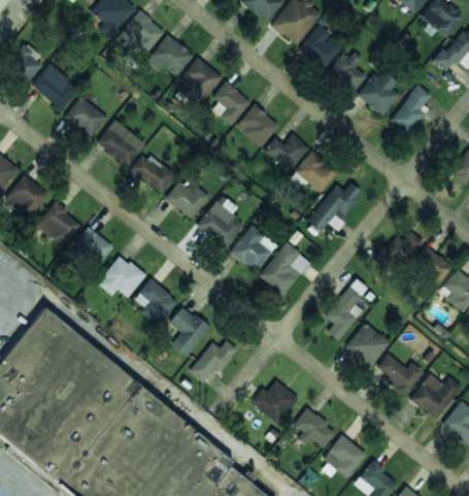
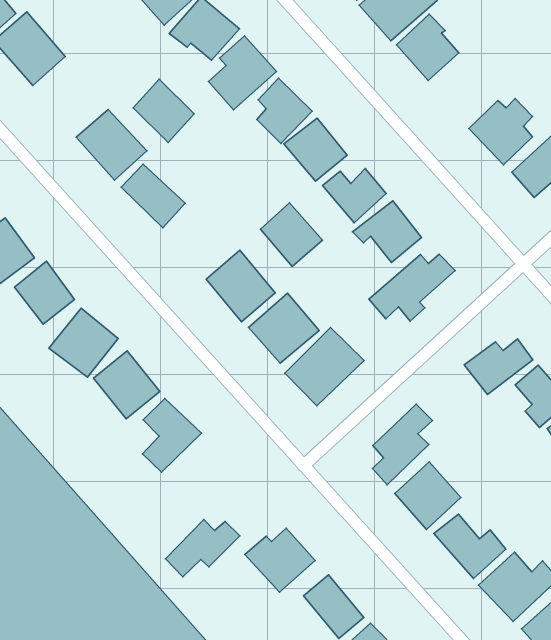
building: [328,52,367,92] -> none
building: [65,96,106,137] -> [133,79,194,142]
building: [166,176,208,219] -> [261,203,322,267]
building: [190,340,237,382] -> [165,520,240,577]

